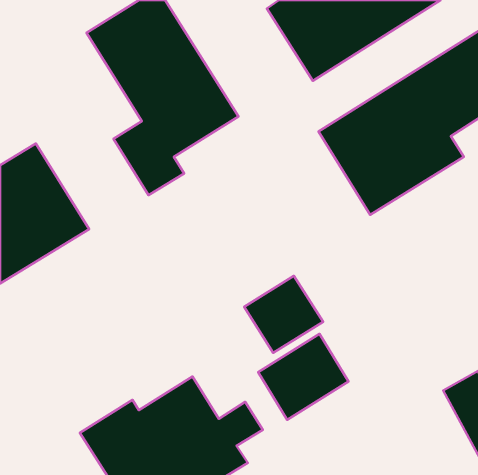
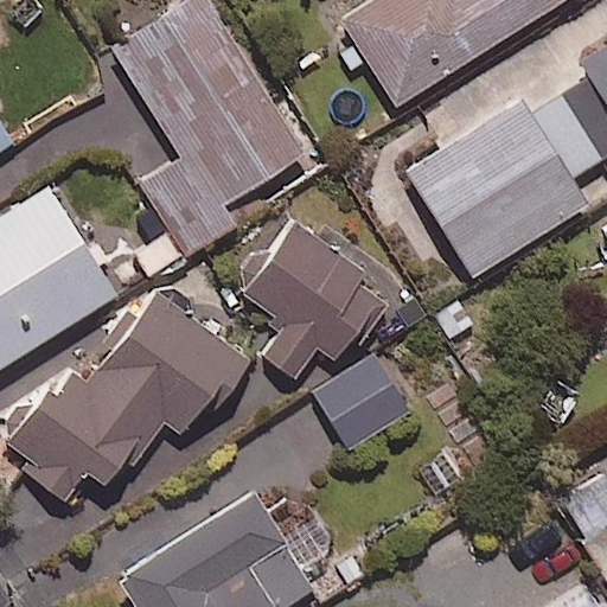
building: none -> [243,223,385,379]
building: none -> [12,294,238,490]
building: [258,334,349,420] -> none

